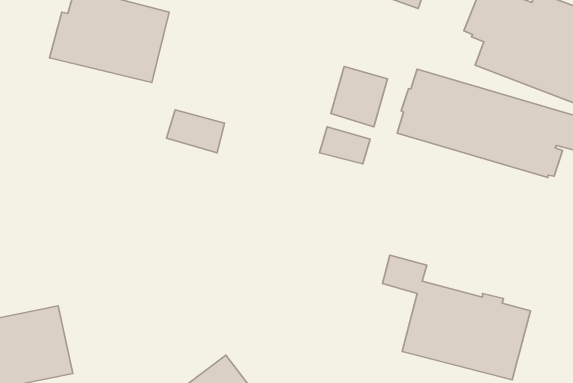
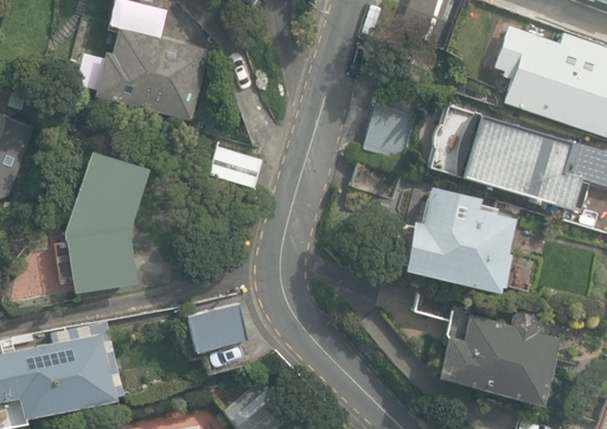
building: none -> [68,153,148,293]
building: none -> [400,187,533,294]
building: none -> [189,303,249,353]

